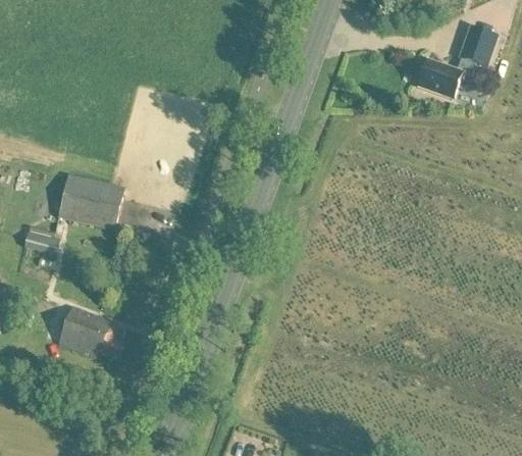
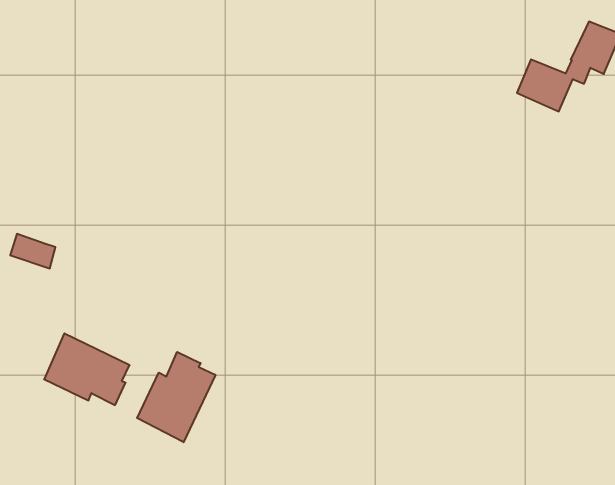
building: [57,173,124,232] -> none
building: none -> [137,352,215,442]

